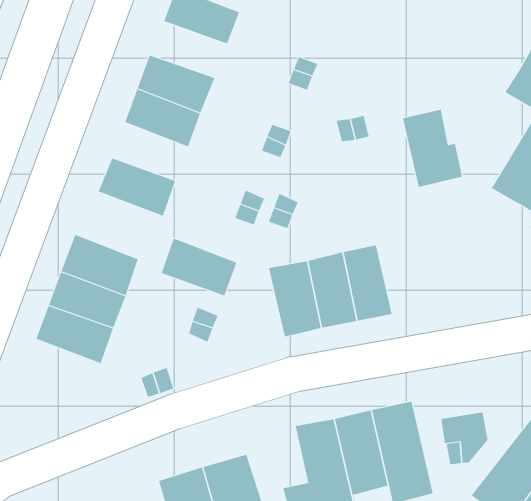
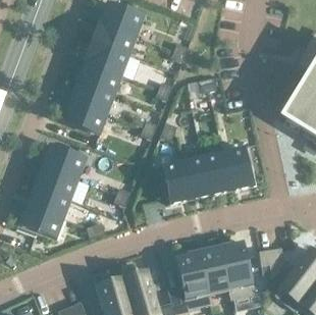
building: none -> [91,22,136,55]
building: [402,109,463,187] -> [221,146,256,191]
building: [161,238,237,296] -> [69,81,113,114]
building: none -> [16,205,63,238]

